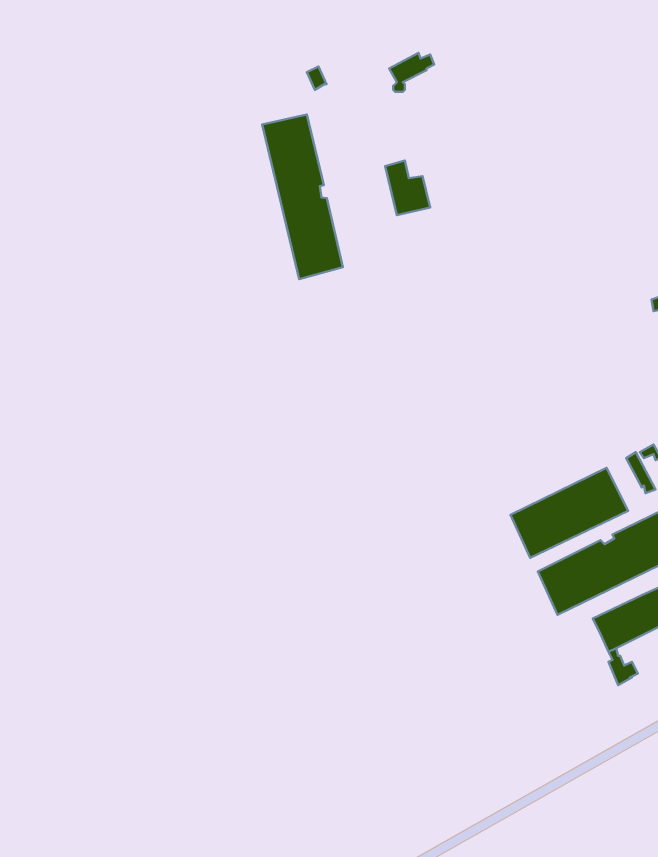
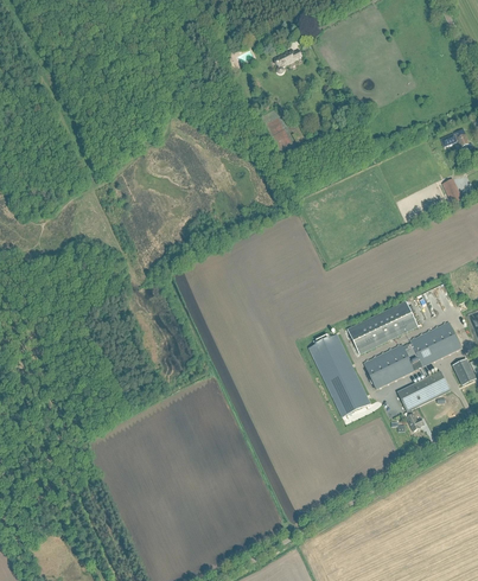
building: [262,114,343,279] -> none
building: none -> [308,334,369,417]

